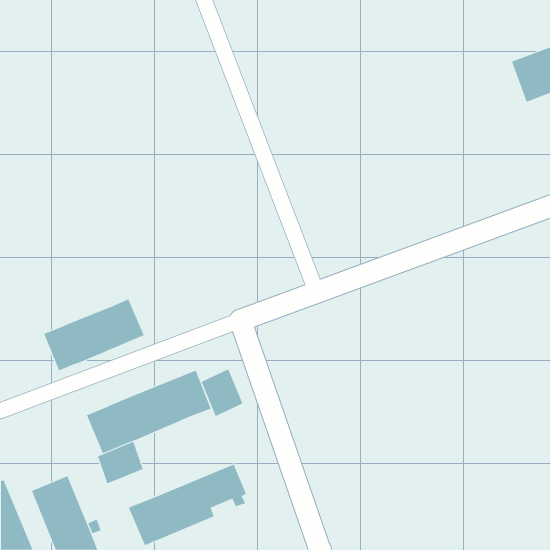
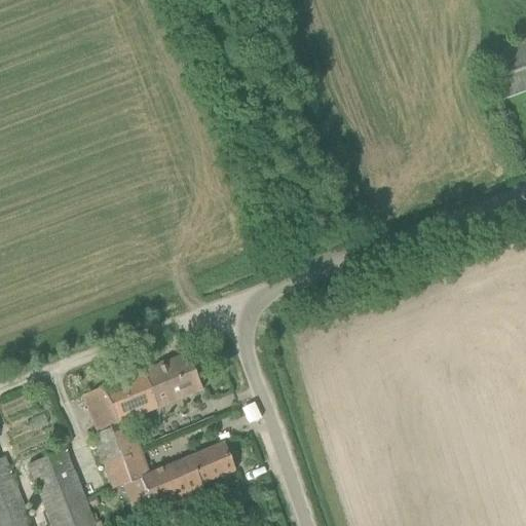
building: [43,299,144,371] -> none
building: [201,368,243,417] -> none
building: none -> [103,447,148,488]

